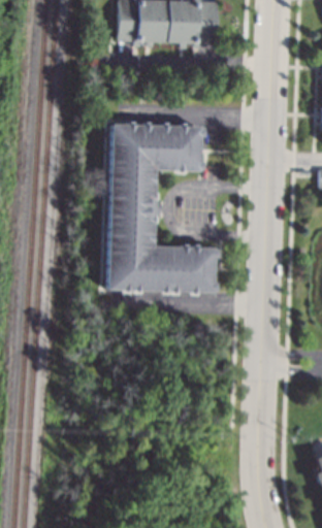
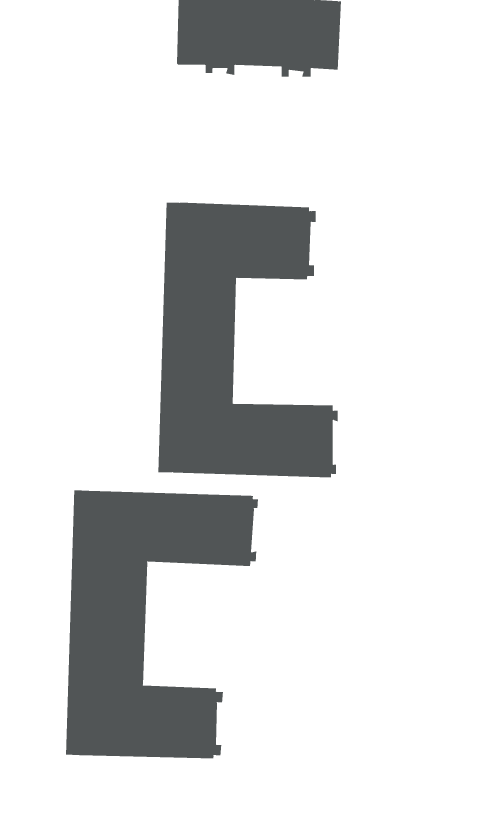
building: none -> [65,489,258,759]

